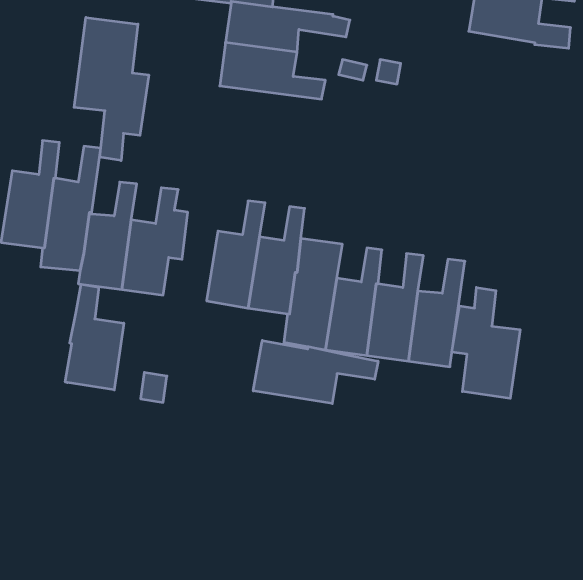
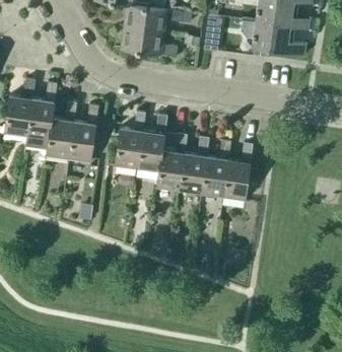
building: [74,17,149,161] -> none
building: none -> [242,18,307,55]
building: [65,284,124,390] -> none
building: [452,287,520,398] -> none
building: [253,340,378,404] -> none

